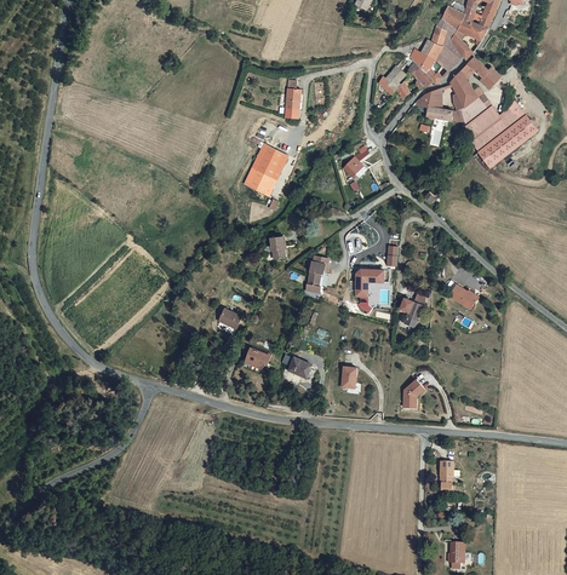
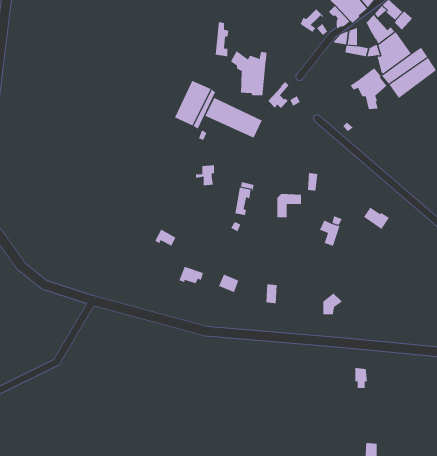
building: none -> [230,50,267,96]
building: none -> [350,67,387,110]
building: none -> [205,97,262,138]

